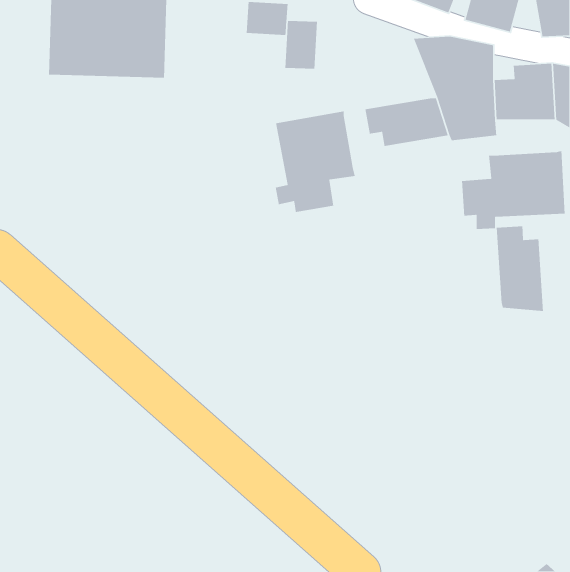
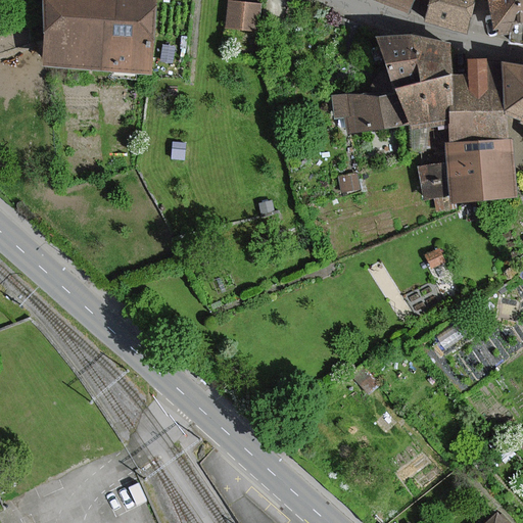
building: [285,20,318,70] -> none
building: [275,111,356,213] -> none
building: none -> [451,109,507,141]
building: [496,226,544,312] -> none

